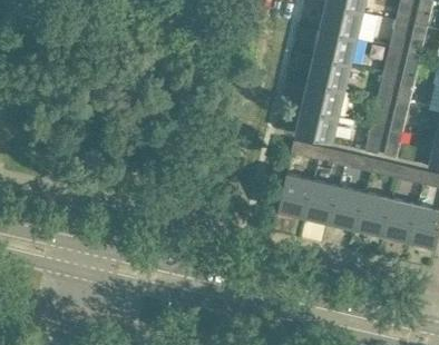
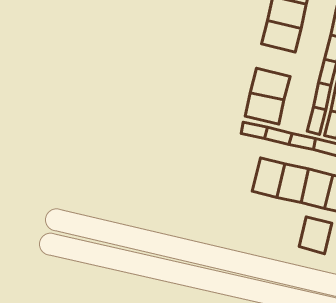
building: [308,56,350,91] -> none
building: [277,174,312,217] -> none
building: none -> [299,217,332,254]

